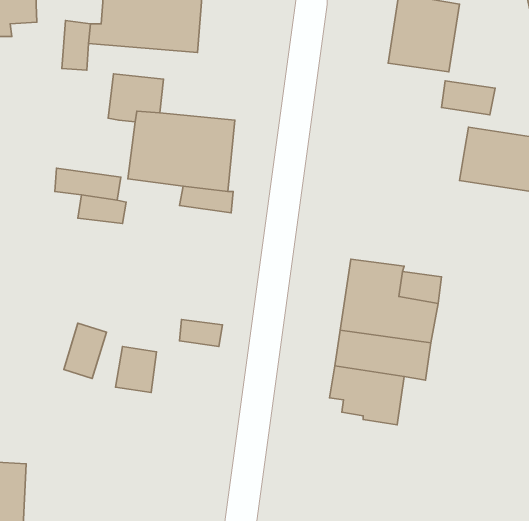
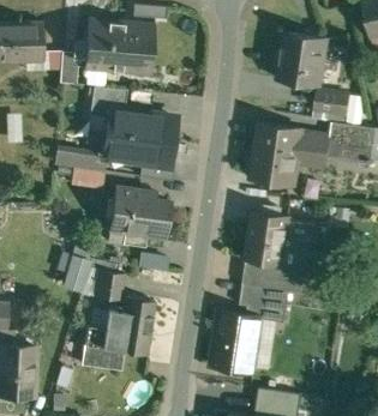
building: none -> [251,123,330,183]
building: none -> [108,187,169,247]
building: none -> [82,297,155,369]
building: none -> [211,311,262,372]

